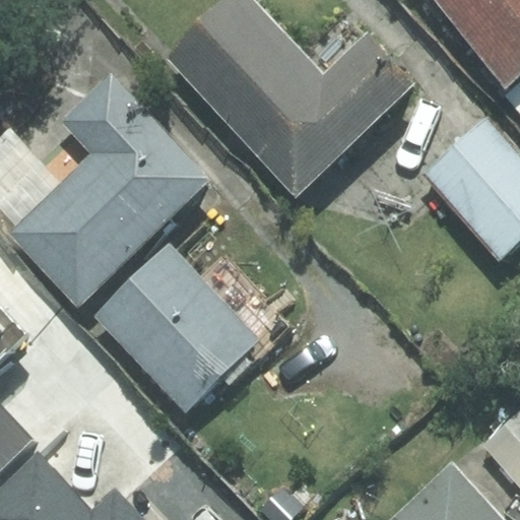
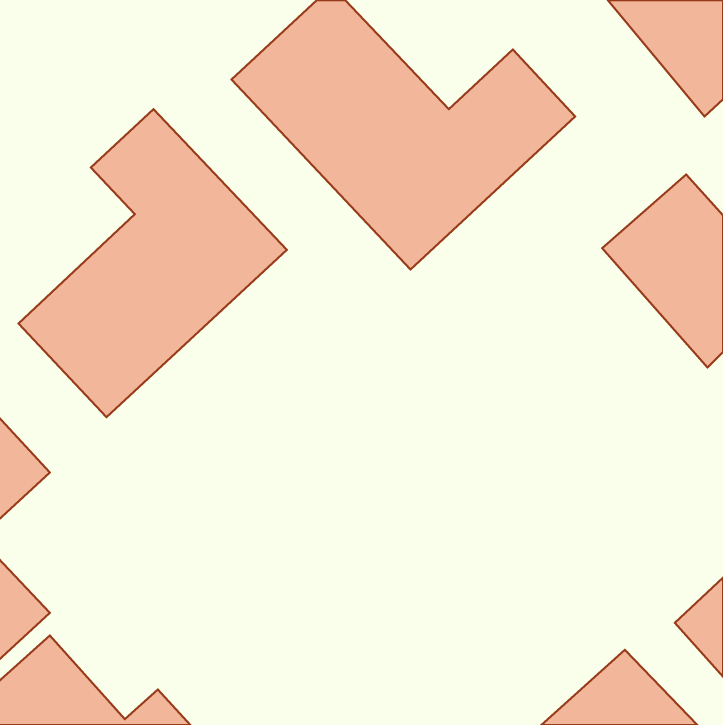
building: [96,250,286,410] -> none

